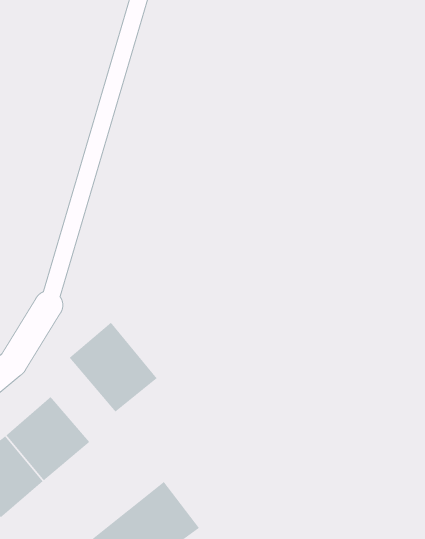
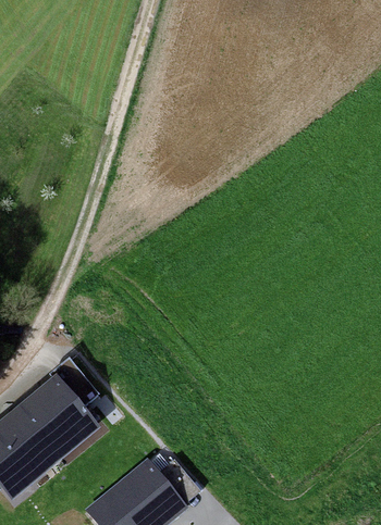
building: [69,322,157,413] -> none

